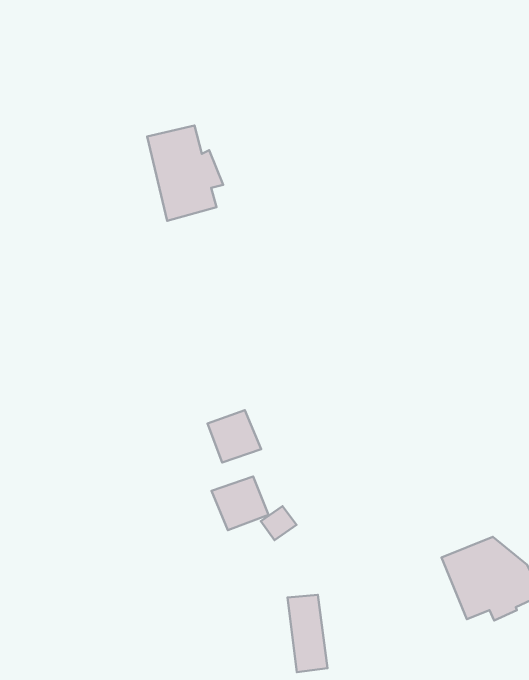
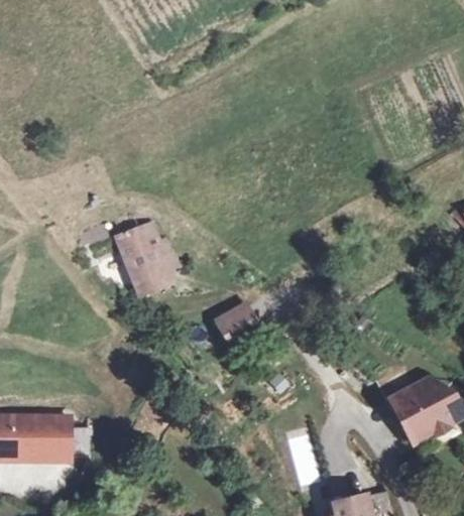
building: [147,126,223,221] -> [117,226,173,294]
building: [212,477,268,530] -> none

